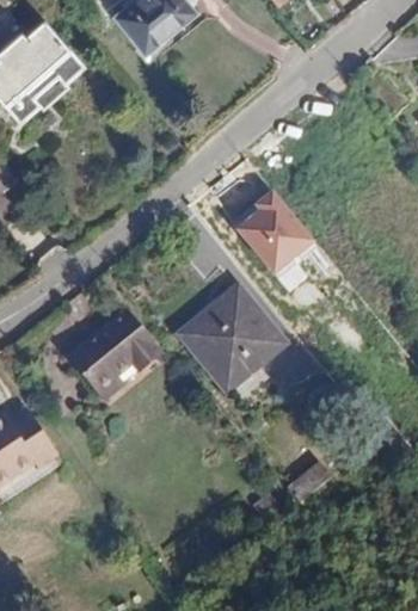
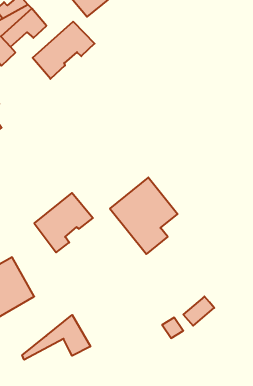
building: none -> [33,22,95,79]
building: [235,187,326,279] -> none
building: none -> [22,315,90,360]

